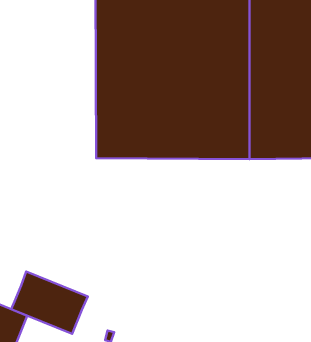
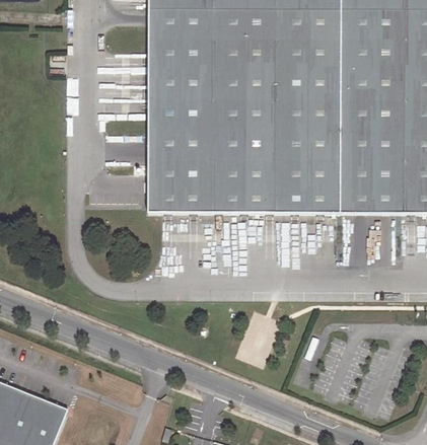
building: [11,272,88,334] -> none

